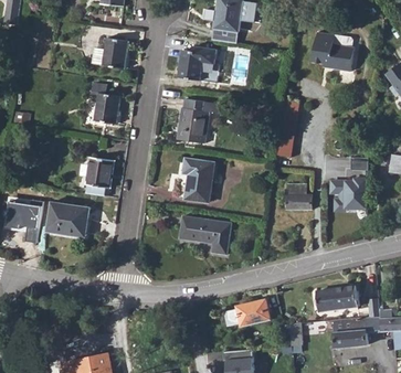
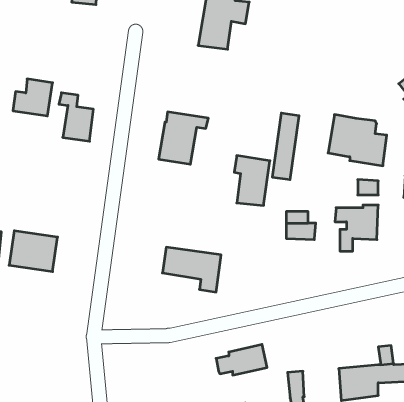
building: [312,32,362,76] -> [328,115,387,166]
building: [94,36,128,68] -> [13,79,53,116]
building: [179,46,217,81] -> none
building: [85,156,115,196] -> none
building: [183,159,214,202] -> [234,156,270,205]
building: [317,286,359,310] -> none

